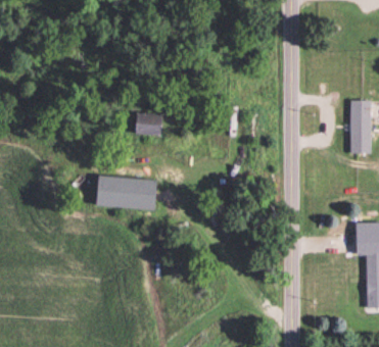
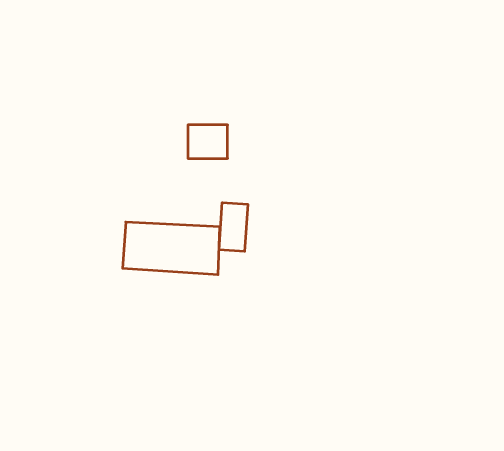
building: none -> [219,203,248,251]

